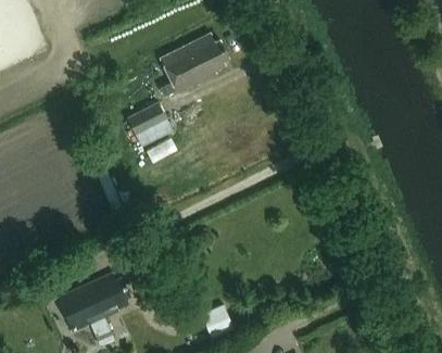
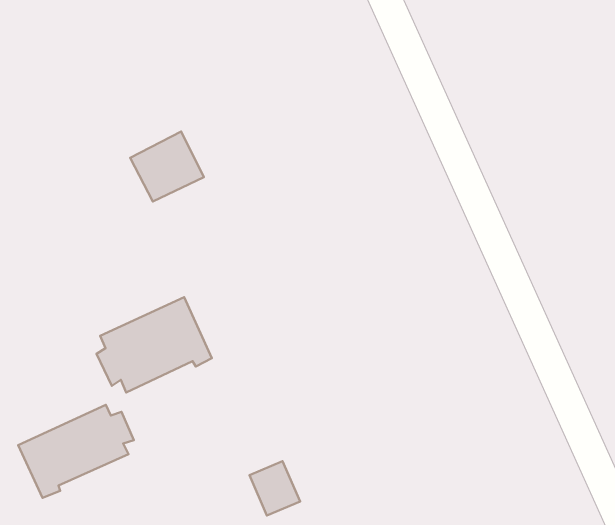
building: [161,35,229,97] -> none
building: none -> [97,297,212,392]

